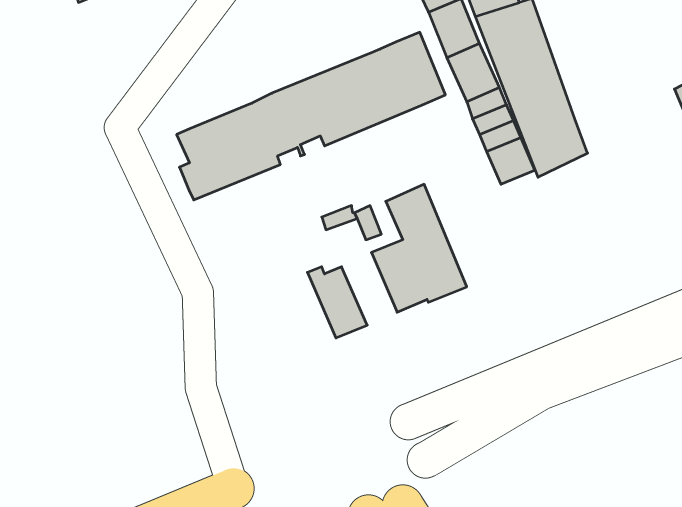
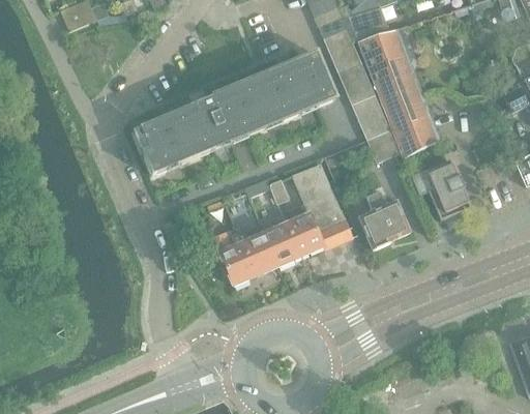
building: none -> [412,157,470,218]
building: none -> [359,188,411,248]
building: none -> [261,211,301,264]
building: none -> [209,226,257,284]

